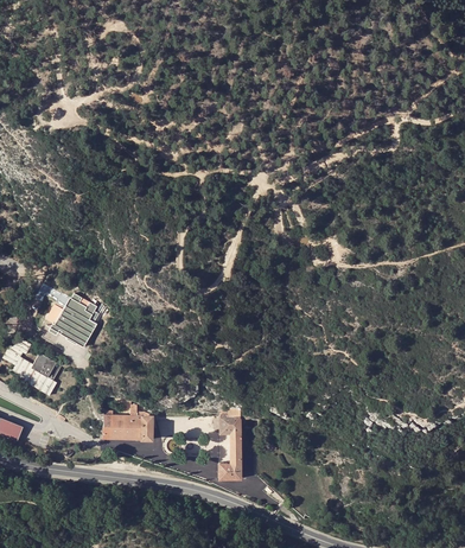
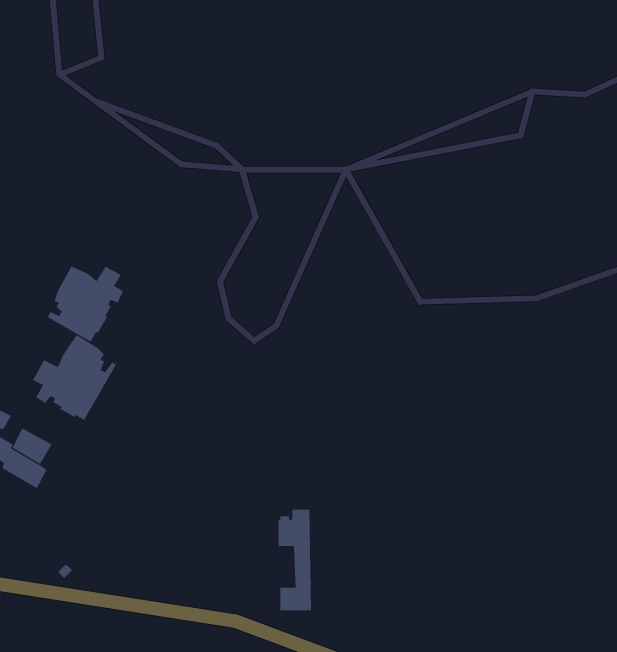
building: none -> [47,266,124,343]
building: [103,404,154,442] -> none

